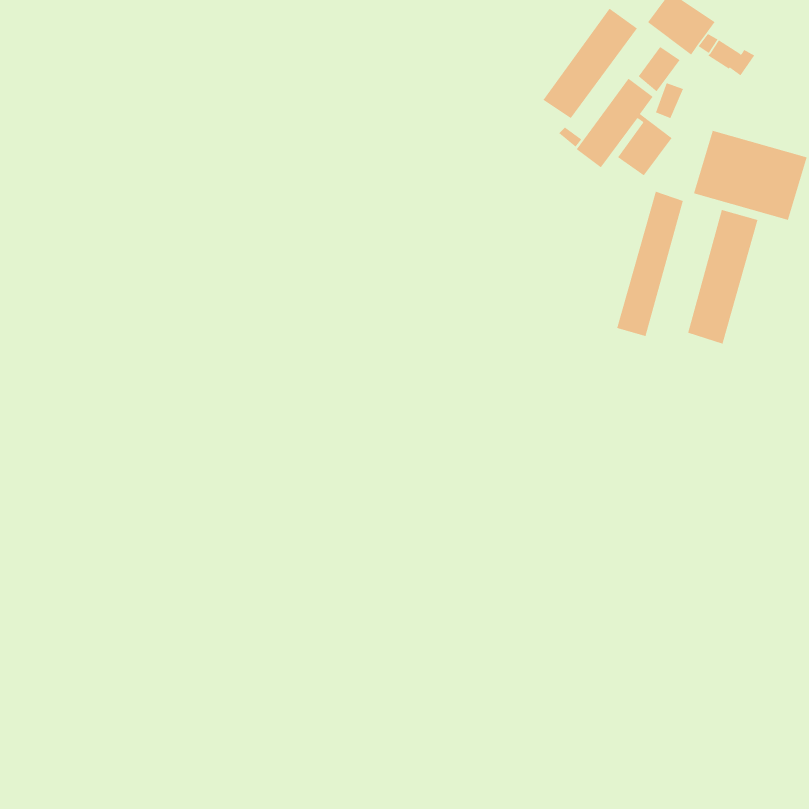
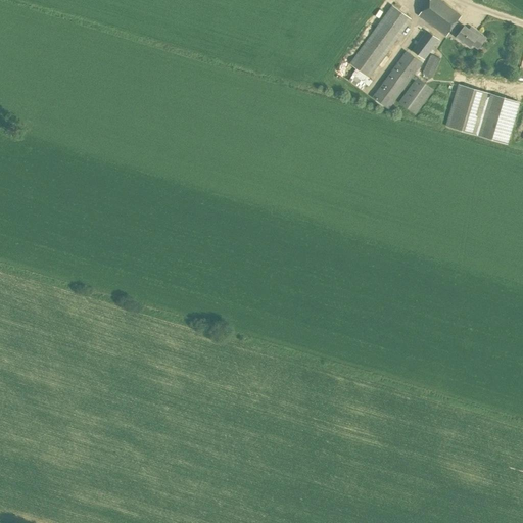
building: [616,191,683,337] -> none
building: [687,209,758,345] -> none

